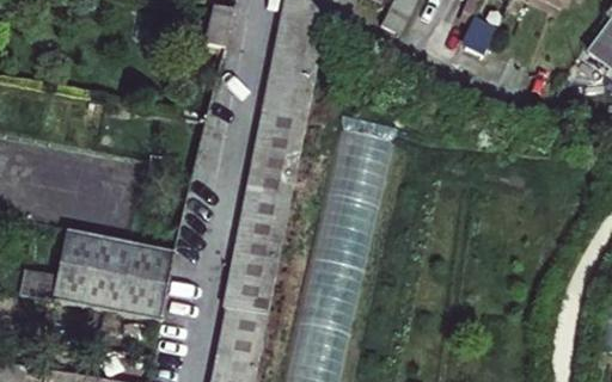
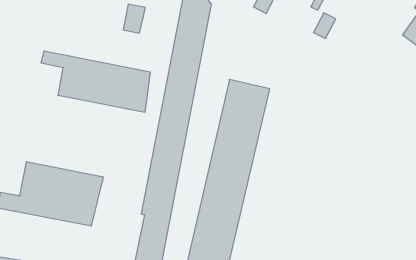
building: none -> [41,51,150,112]

